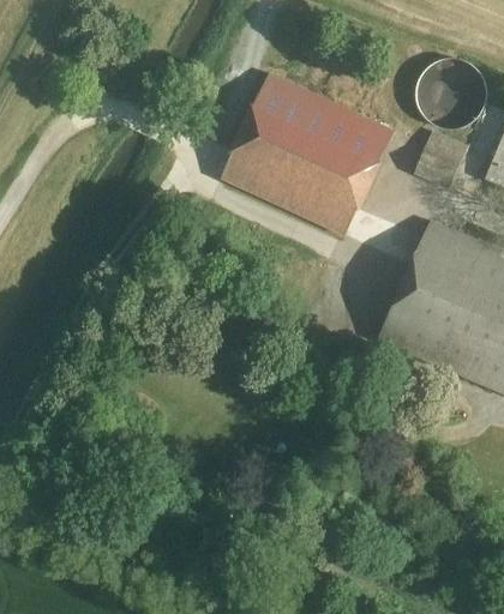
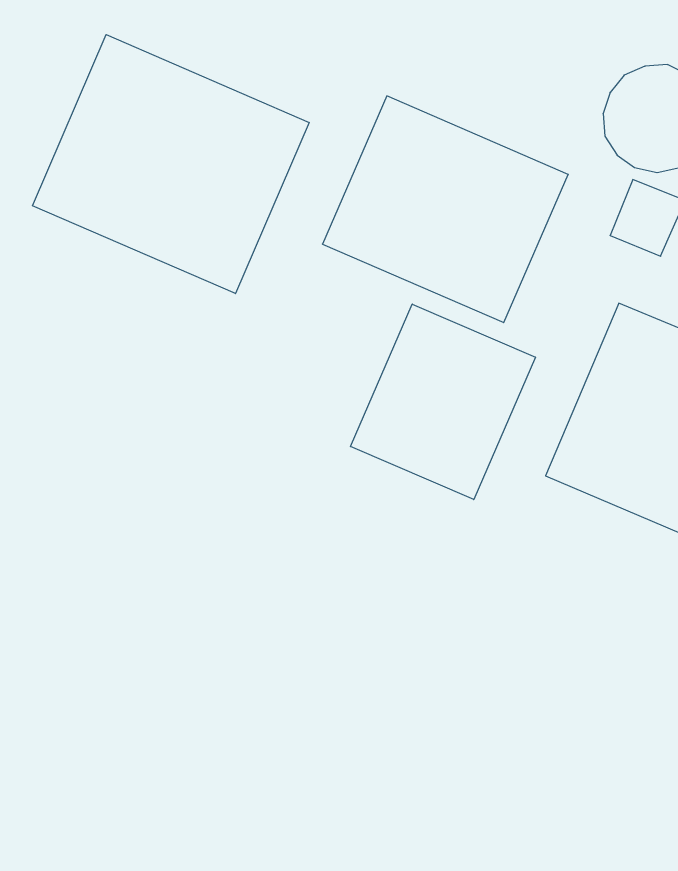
building: none -> [32,35,309,294]
building: none -> [351,304,535,500]

